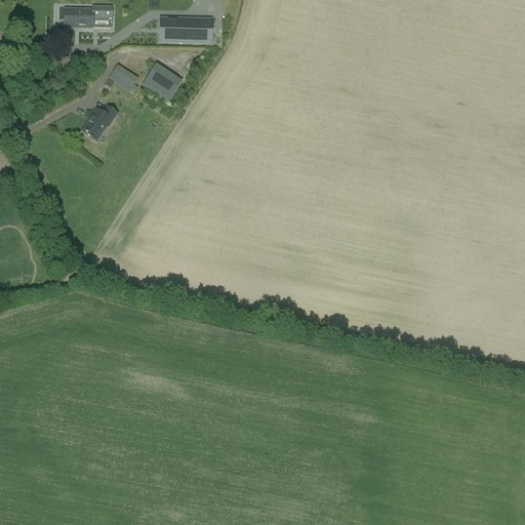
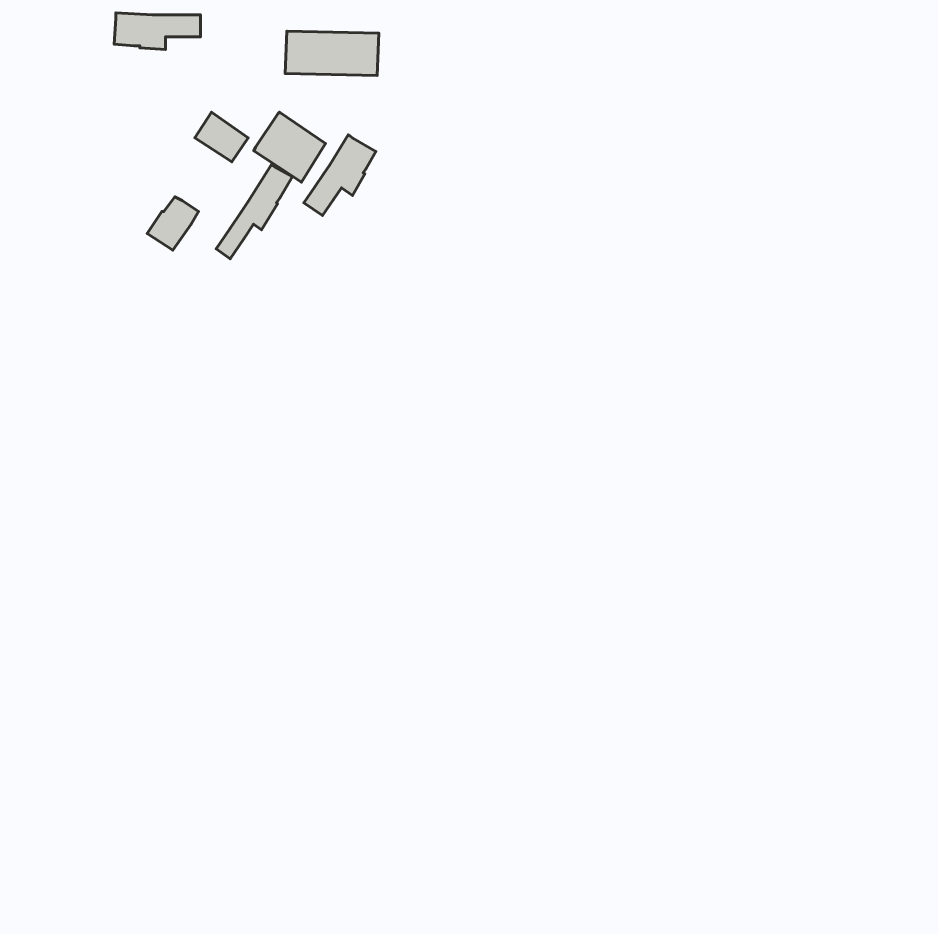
building: none -> [304,135,376,215]
building: none -> [216,165,292,259]

